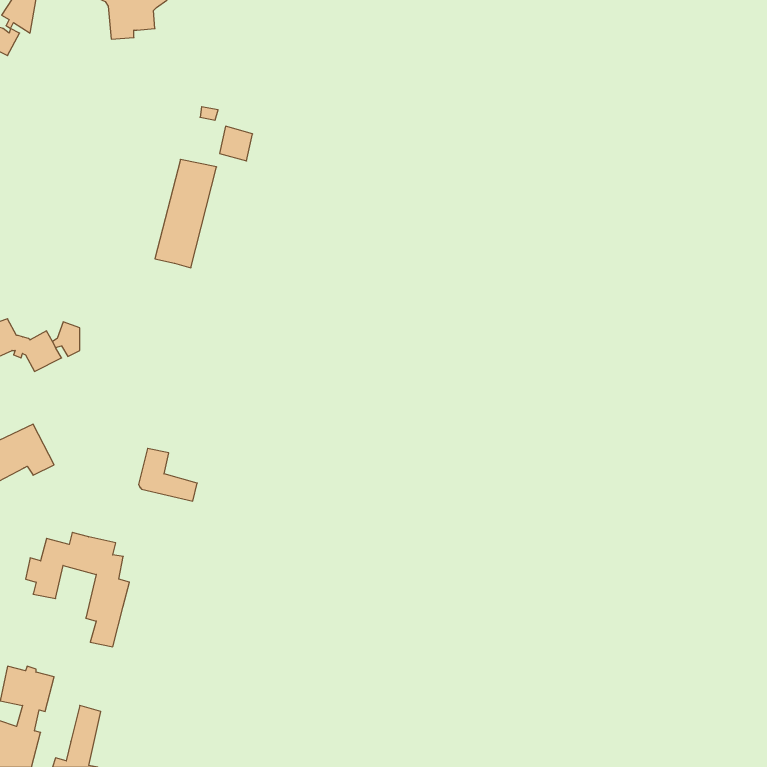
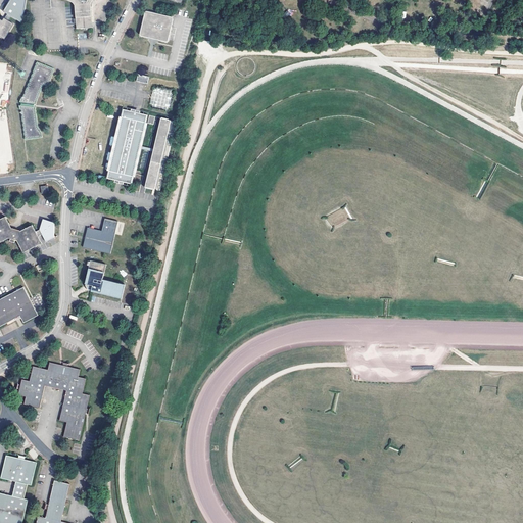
building: none -> [138,9,171,40]
building: none -> [18,60,53,139]
building: none -> [143,117,175,188]
building: none -> [82,218,116,252]
building: [139,448,197,501] -> [84,260,124,296]

